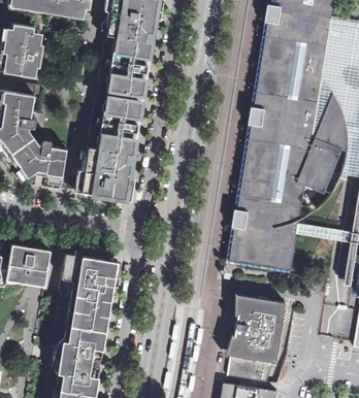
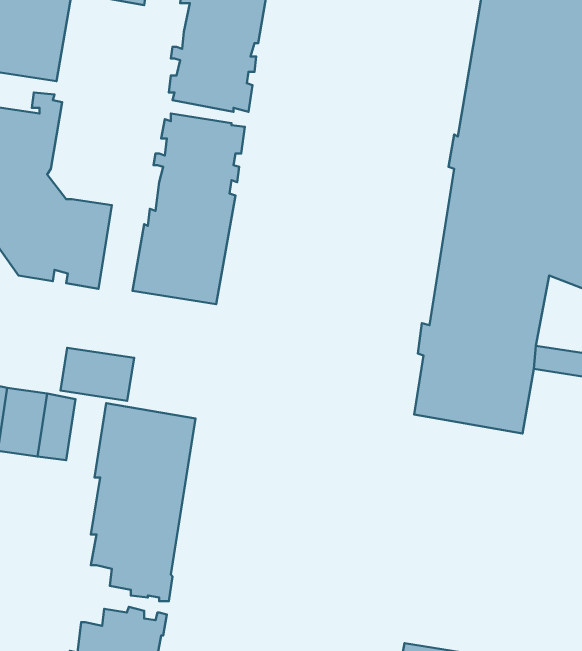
building: none -> [60,348,134,401]
building: [228,293,286,380] -> none
building: [51,339,95,372] -> none

